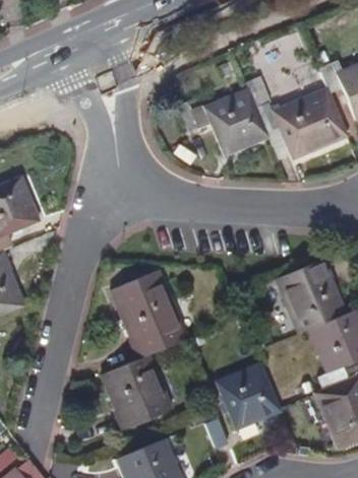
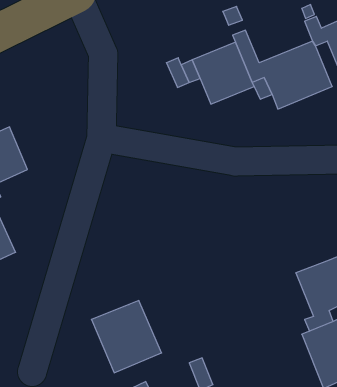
building: [279,257,346,330] -> none
building: [115,278,185,357] -> none
building: [215,362,280,429] -> none

